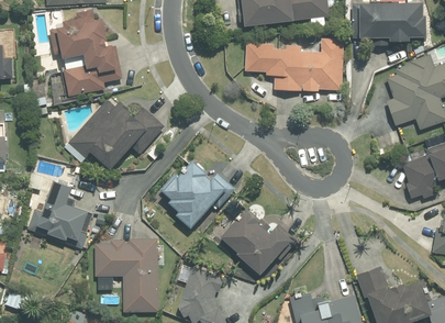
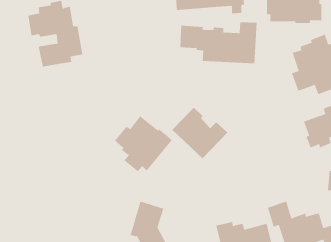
building: [65,102,165,169] -> none
building: [26,179,90,241] -> none
building: [221,207,293,274] -> [172,107,228,159]
building: [93,238,158,313] -> none

